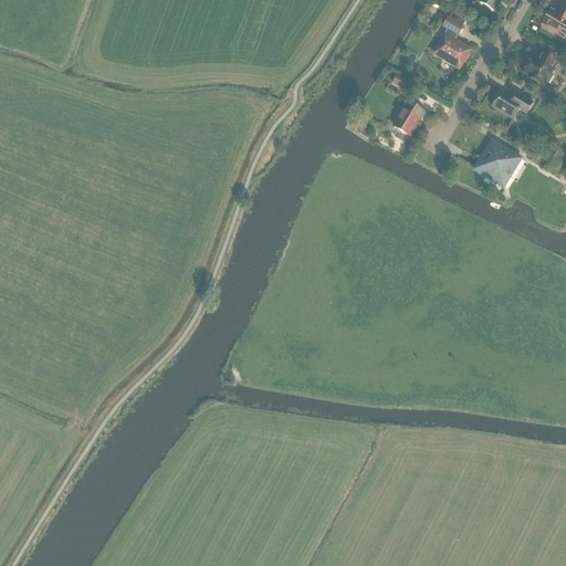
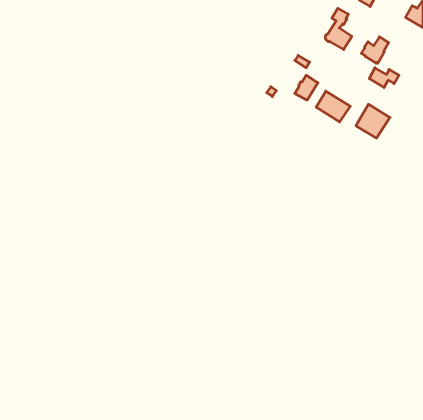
building: [523,49,559,84] -> [361,37,389,63]
building: none -> [316,91,350,122]

